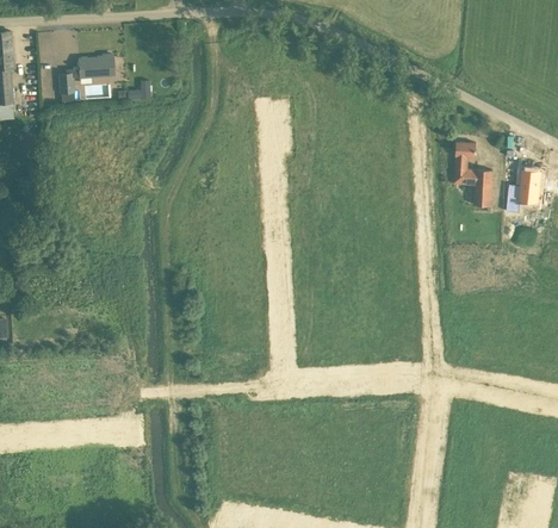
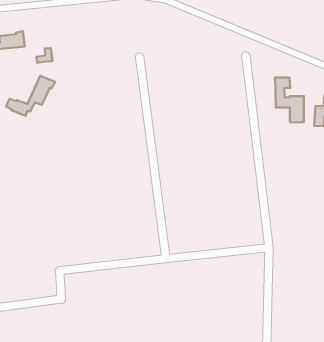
building: none -> [6,76,55,116]

